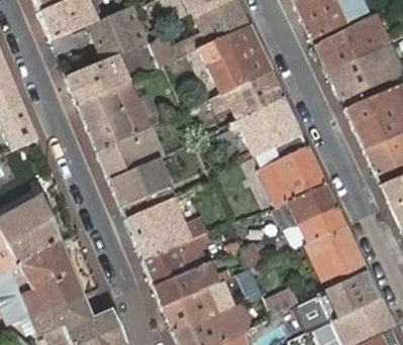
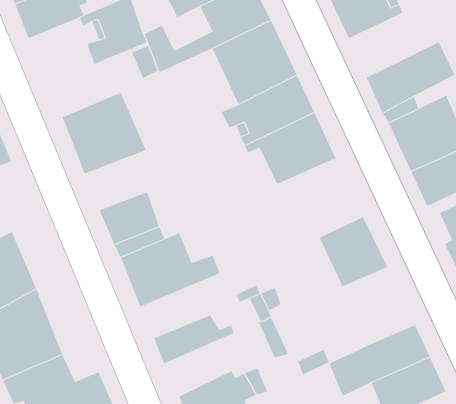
building: [315,14,388,72] -> none
building: [69,56,124,104] -> none
building: [99,132,158,180] -> none
building: [257,137,326,207] -> none
building: [313,226,369,288] -> none
building: [144,235,206,283] -> none
building: [164,279,225,331] -> none

